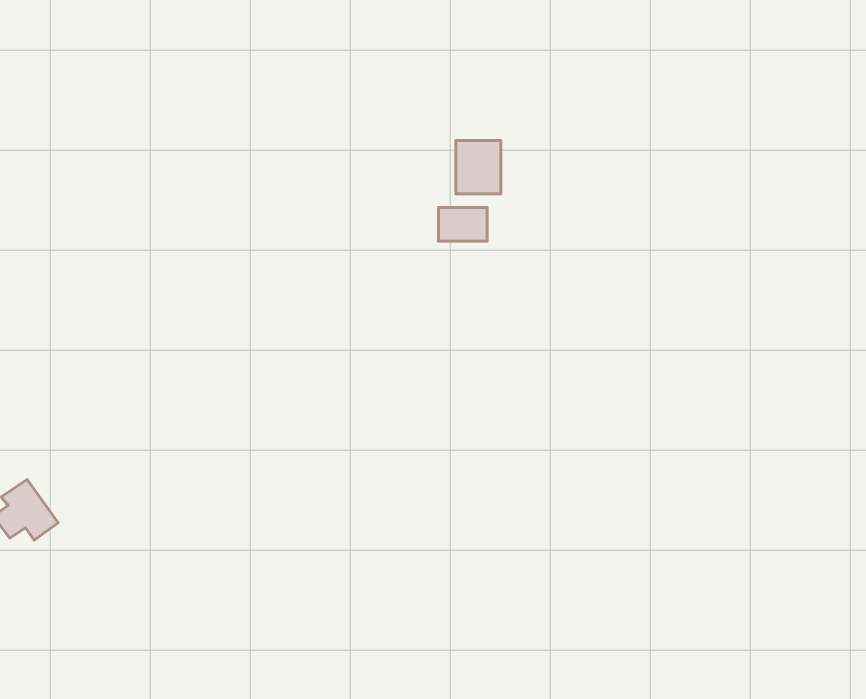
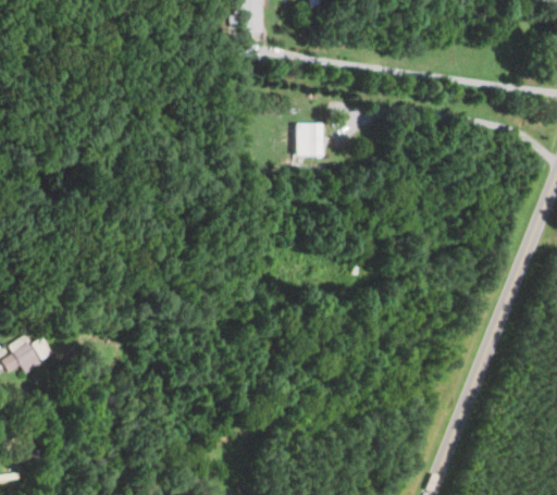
building: [438,207,487,241] -> none

